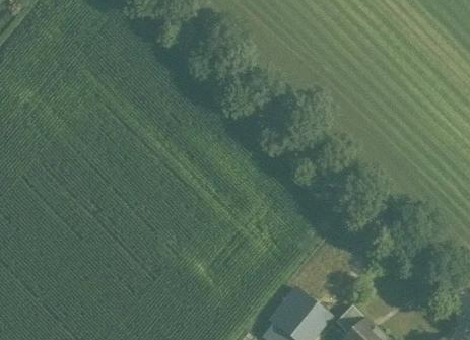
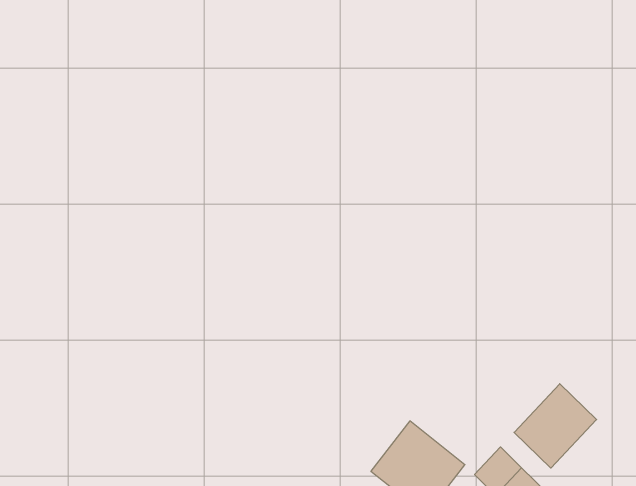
building: none -> [514,384,597,468]

